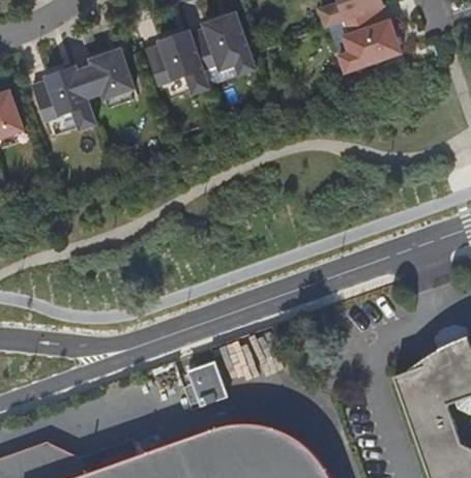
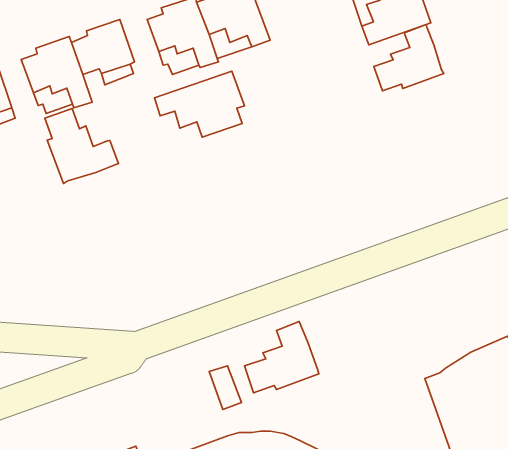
building: none -> [374,25,444,91]
building: none -> [155,71,244,137]
building: none -> [45,108,119,184]
building: none -> [244,321,319,393]

